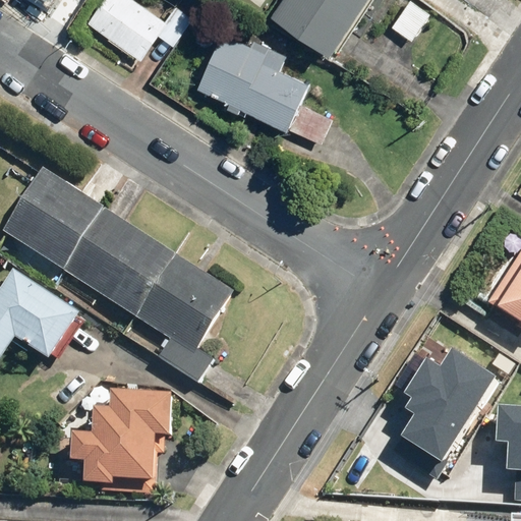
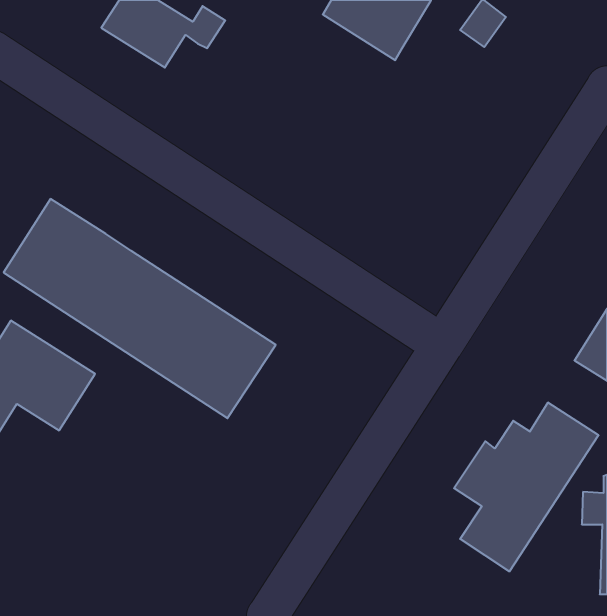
building: [195,25,308,130] -> none
building: [74,394,174,485] -> none

